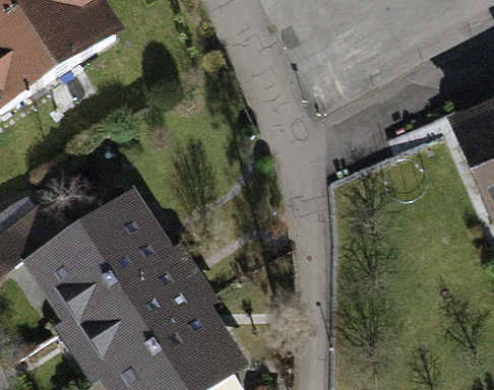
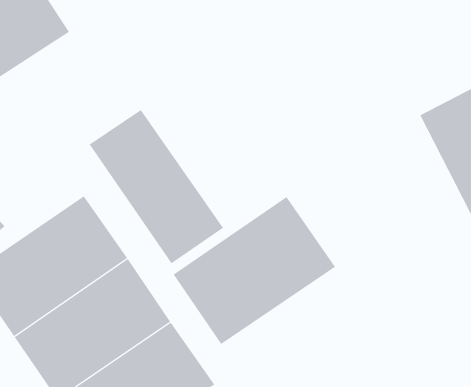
building: none -> [89,109,224,264]
building: none -> [173,196,336,345]

